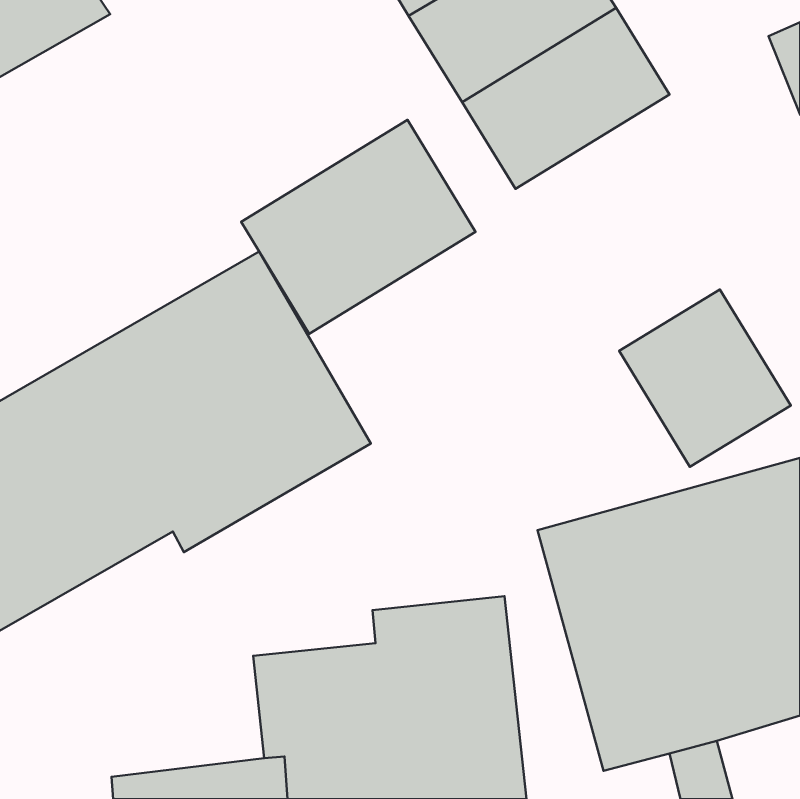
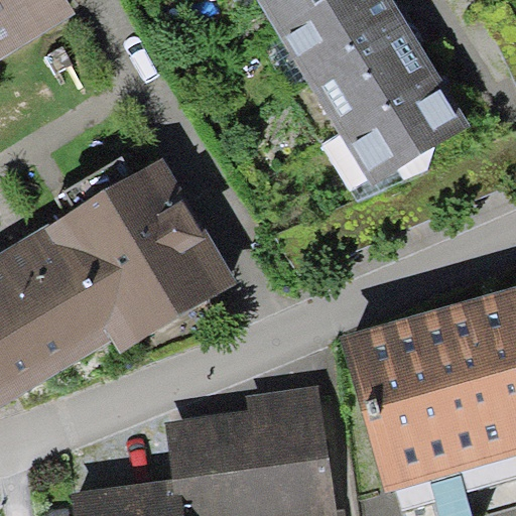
building: none -> [331,60,463,175]
building: [241,120,476,334] -> none
building: [619,290,791,467] -> none

